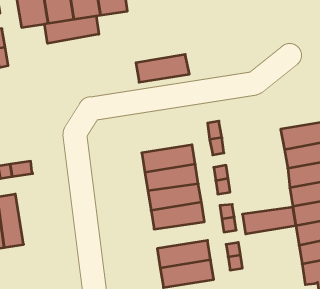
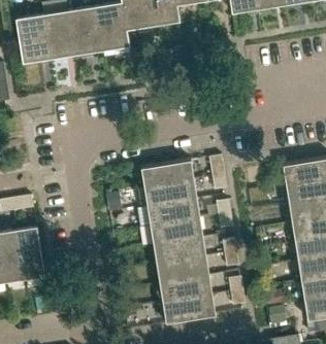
building: [45,16,99,43] -> none
building: [136,54,189,82] -> [140,161,194,188]
building: none -> [17,227,44,280]
building: [242,207,296,234] -> [156,257,209,284]

